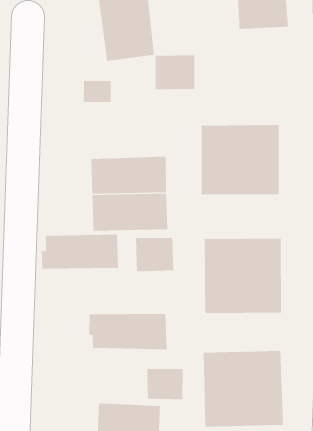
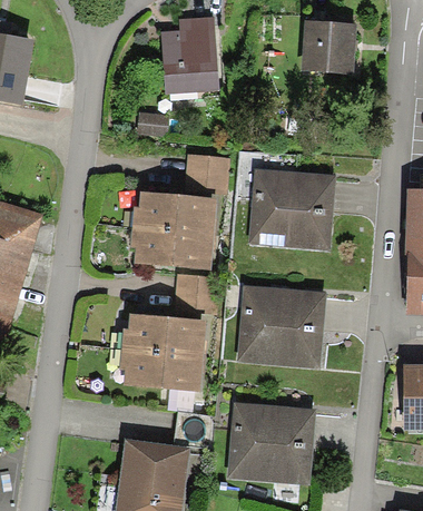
building: [155,55,195,90] -> [183,155,227,194]
building: [41,234,119,269] -> [122,315,204,356]

